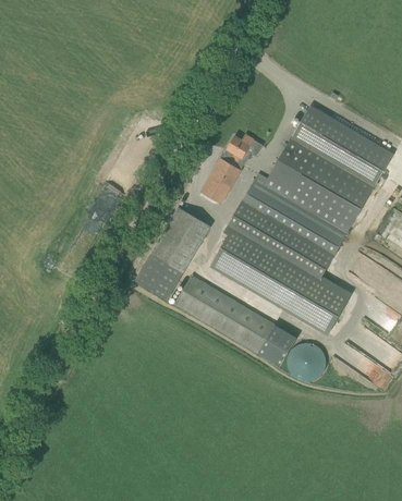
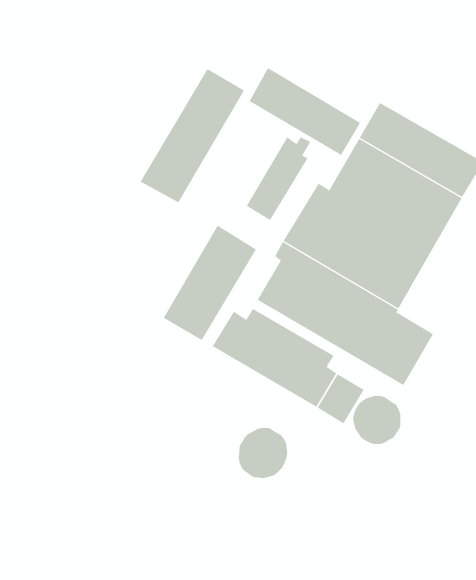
building: none -> [249,67,361,156]
building: none -> [140,68,245,203]
building: none -> [238,427,288,479]

